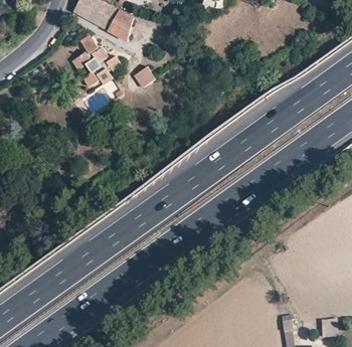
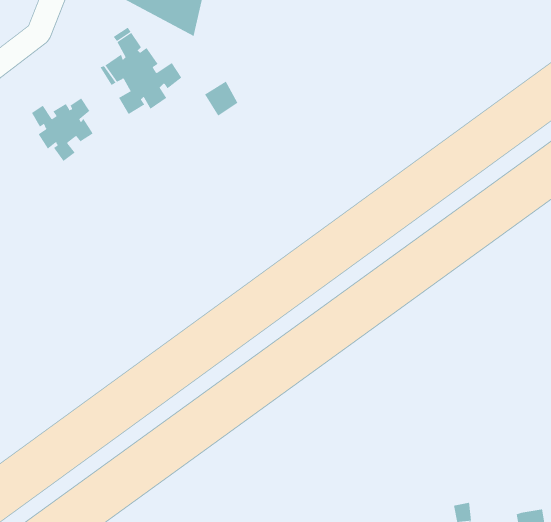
building: none -> [31,97,94,162]

